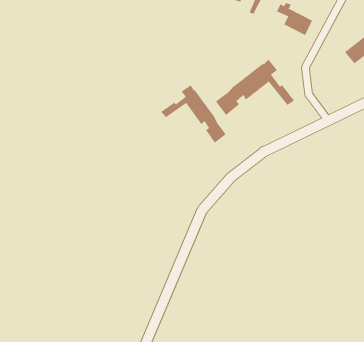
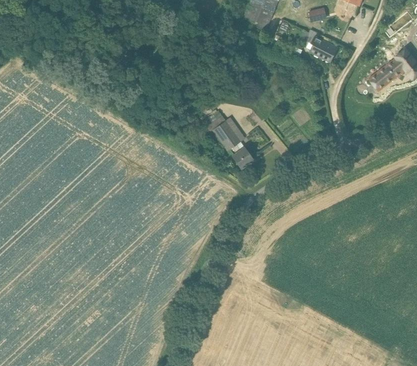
building: [215,59,295,116] -> none

